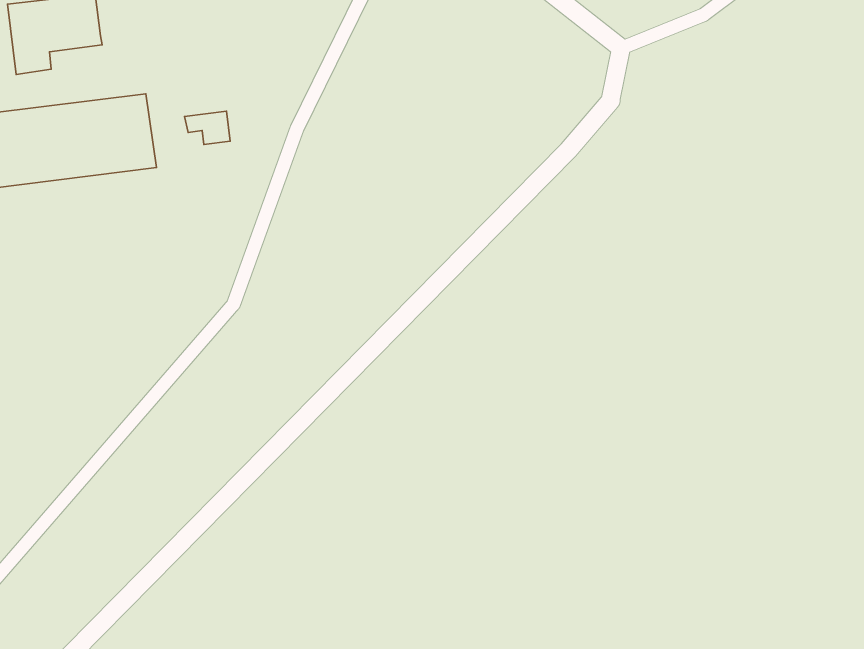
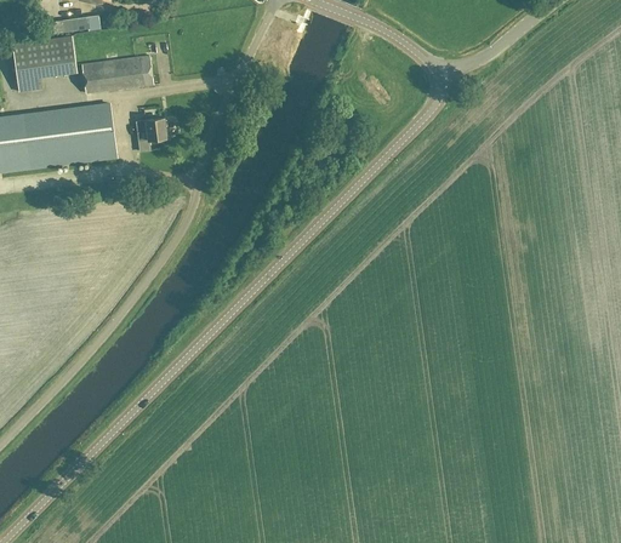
building: none -> [81,56,153,93]

